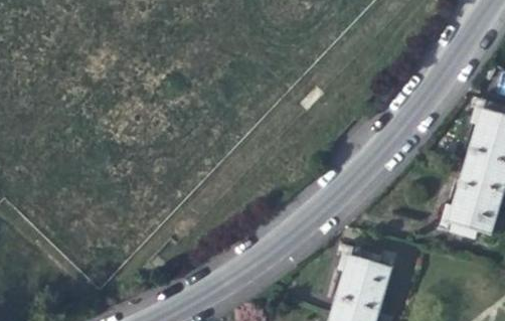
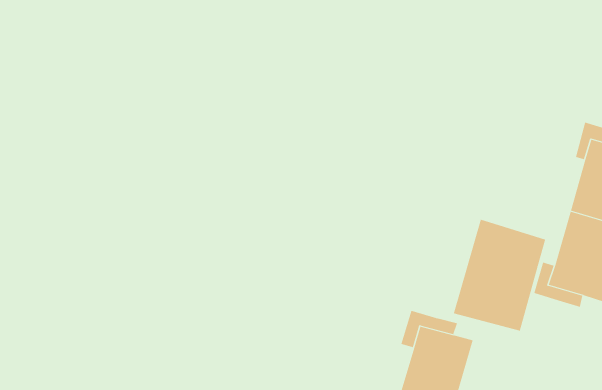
building: none -> [453,219,546,331]

